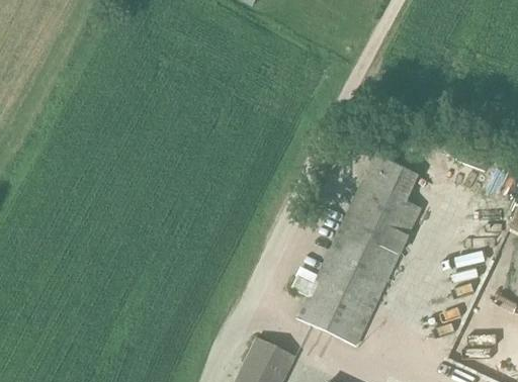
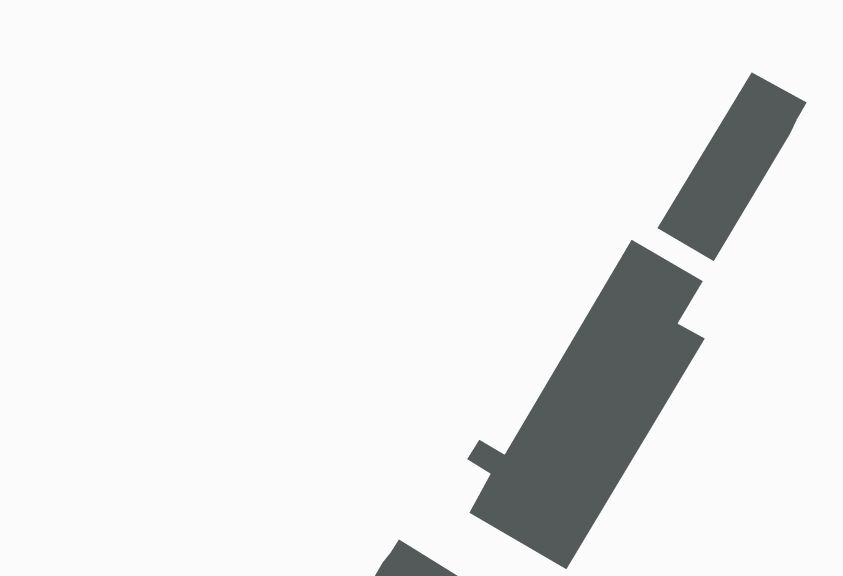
building: none -> [656,71,807,262]

